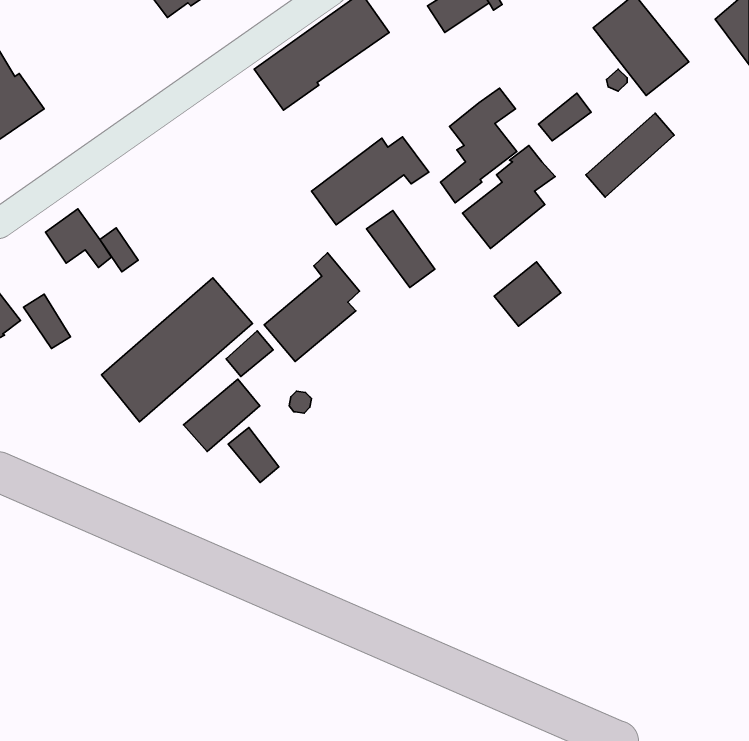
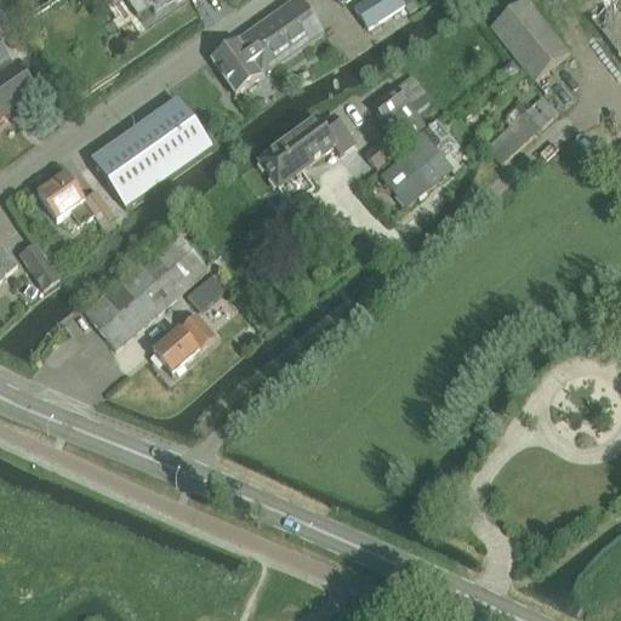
building: [538,93,591,141] -> none
building: none -> [91,98,211,206]
building: [366,211,435,288] -> none
building: [264,253,360,361] -> none
building: [494,262,561,326] -> none
building: [228,427,279,483] -> none

